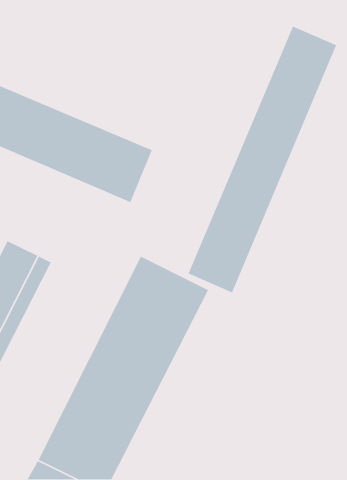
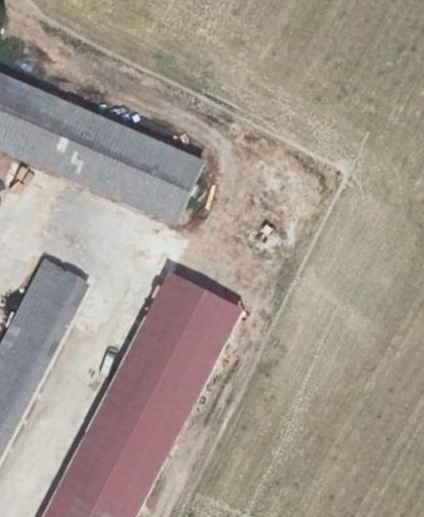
building: [187,26,337,294] -> none

